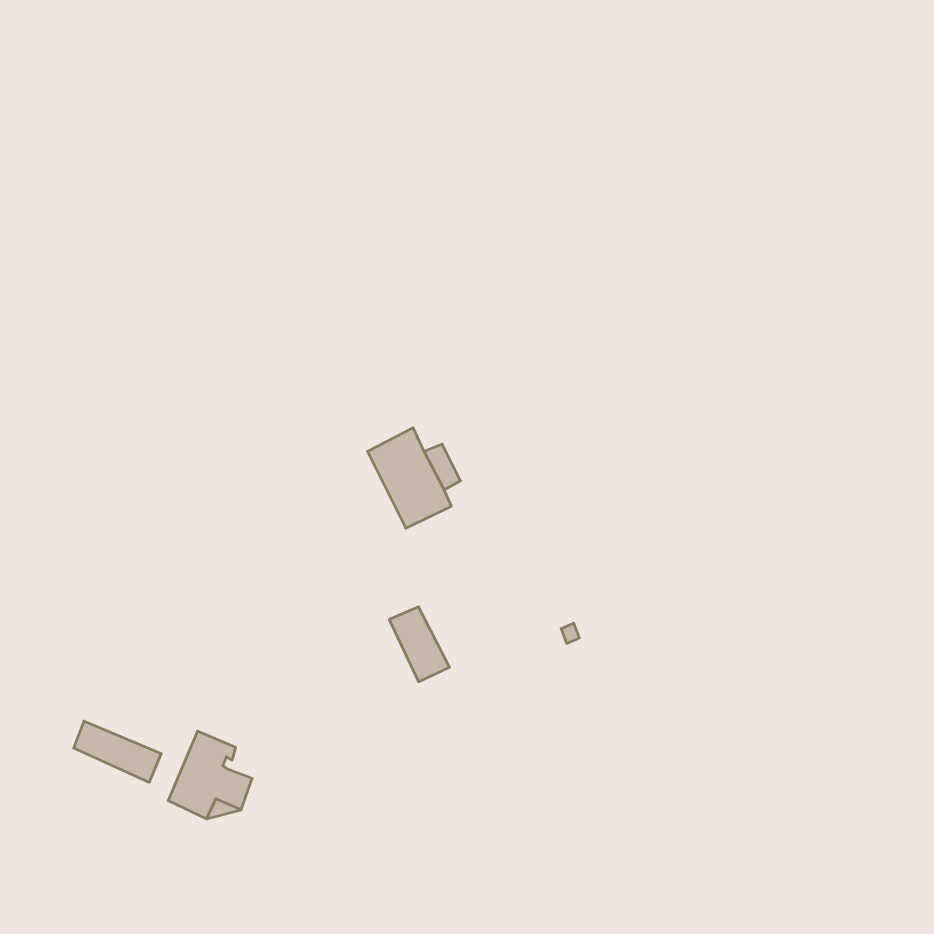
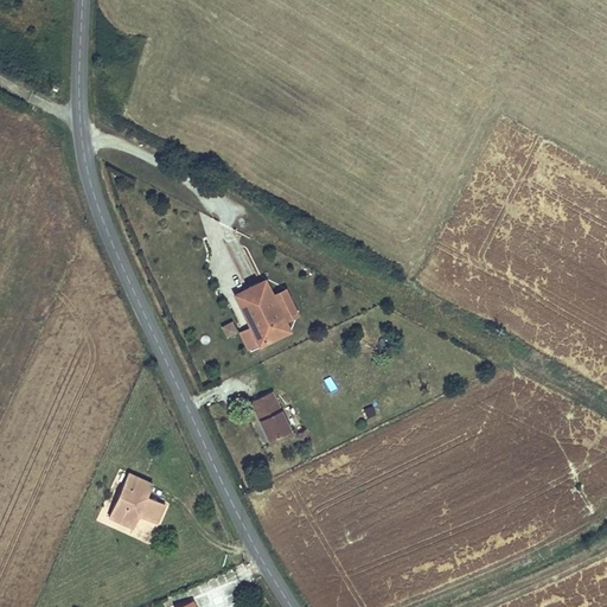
building: [74,721,161,782] -> none

